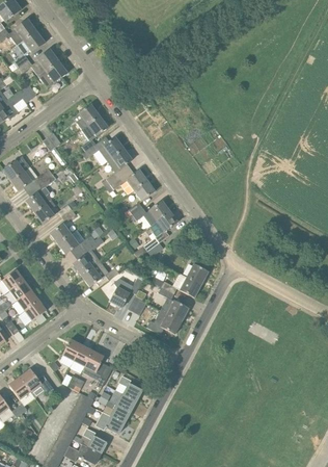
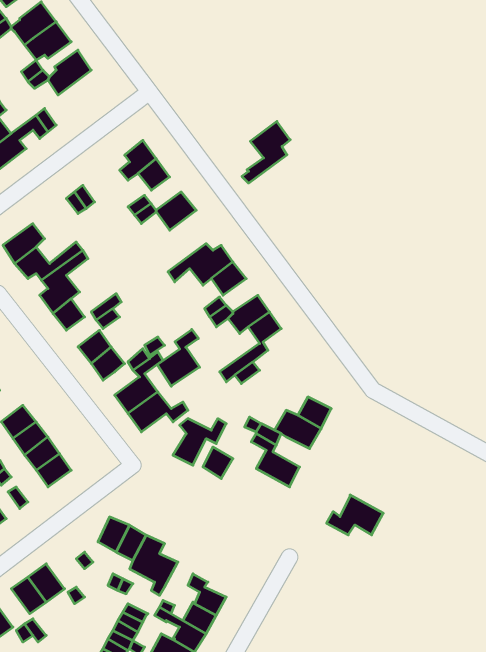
building: [37,60,67,88] -> none
building: [102,148,132,186] -> [242,121,290,183]
building: none -> [157,329,200,386]
building: [146,309,182,334] -> [327,495,383,535]

